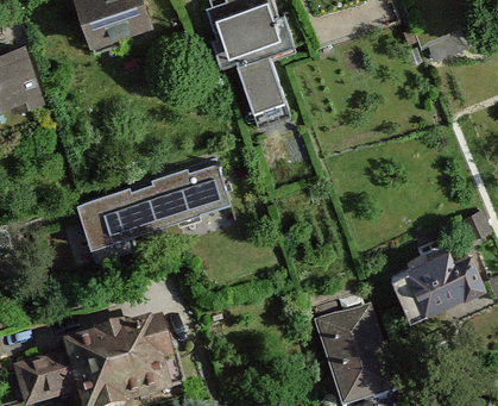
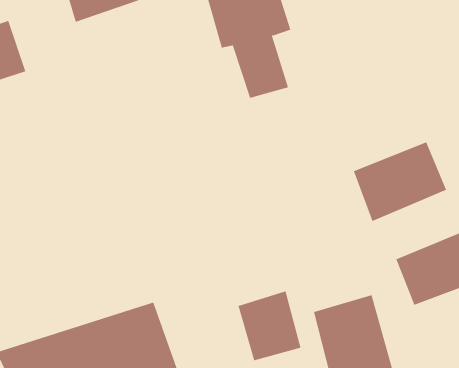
building: [75,158,227,254] -> none
building: none -> [353,141,447,222]
building: none -> [238,290,301,361]

